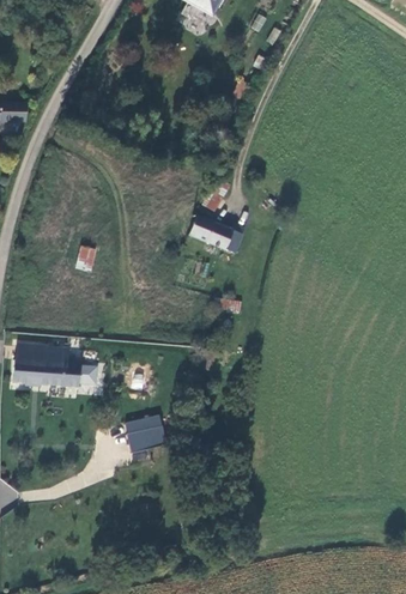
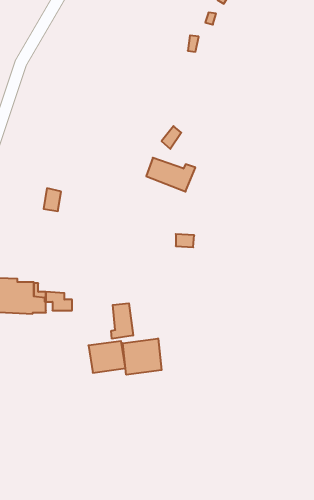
building: none -> [111,303,133,339]
building: none -> [123,338,162,375]

